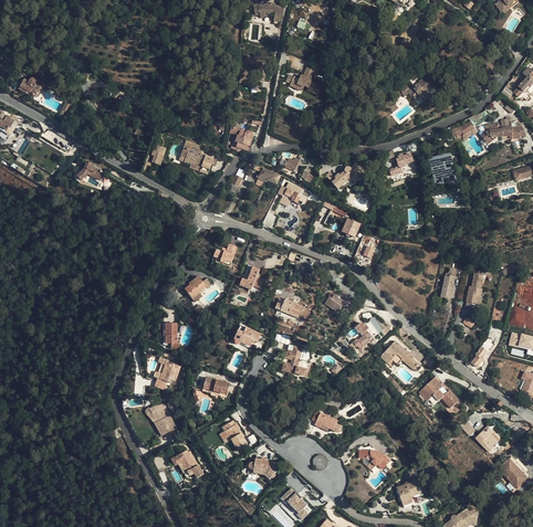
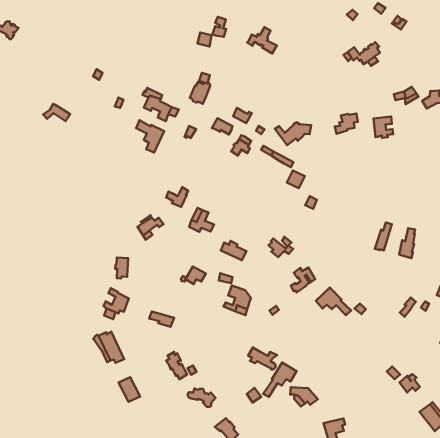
building: none -> [136,120,164,152]
building: [421,377,459,408] -> none
building: none -> [263,363,296,397]

